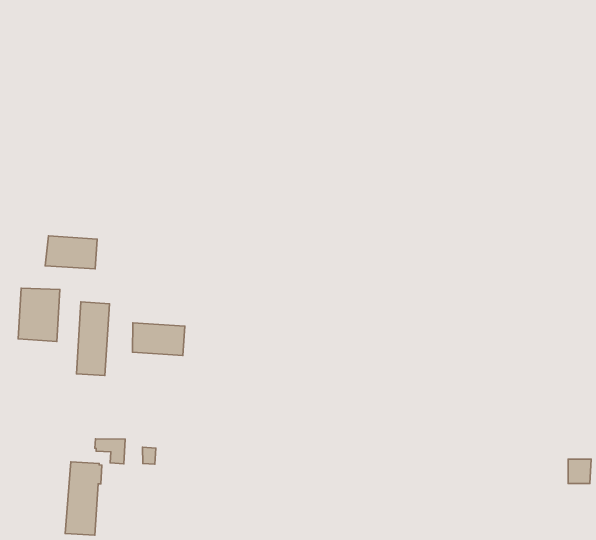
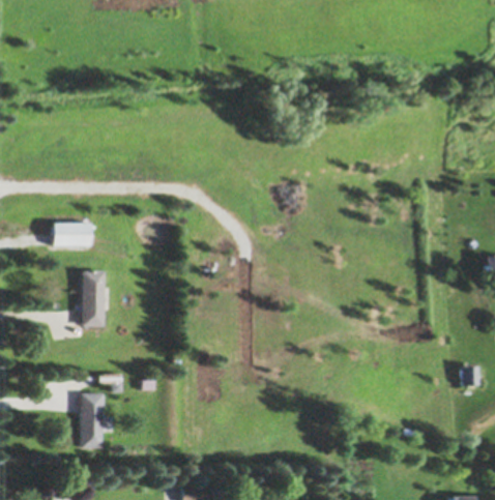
building: [18,288,60,341] -> none
building: [132,323,185,355] -> none

